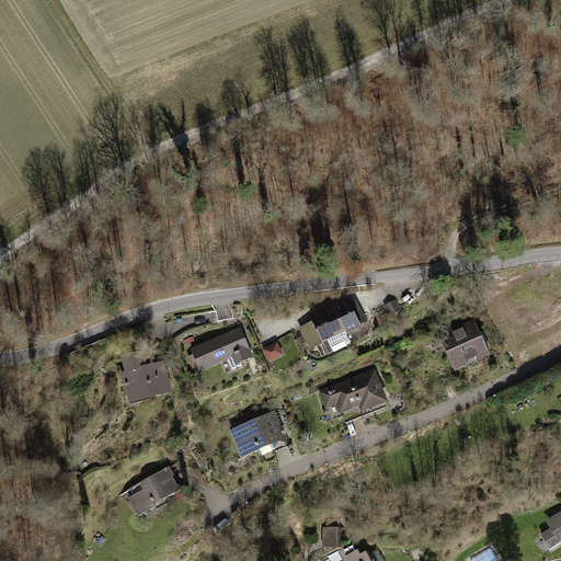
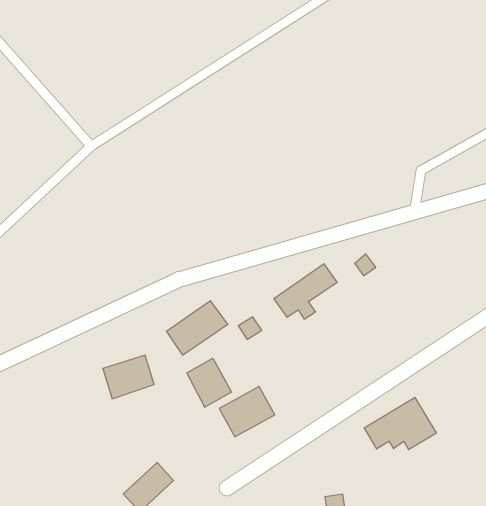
building: [442,327,490,370] -> none
building: [318,369,387,419] -> [364,397,436,450]
building: none -> [187,358,231,407]

